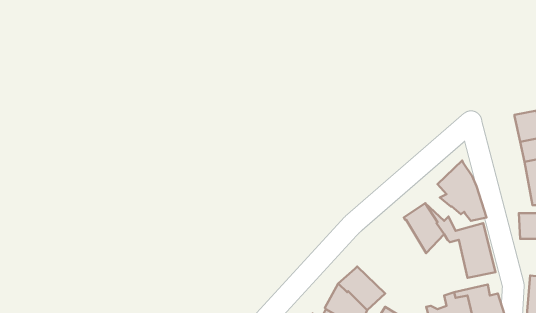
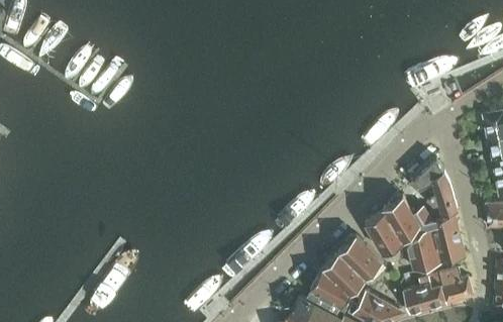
building: none -> [365,212,403,254]
building: none -> [407,230,440,272]
building: none -> [340,236,382,279]

